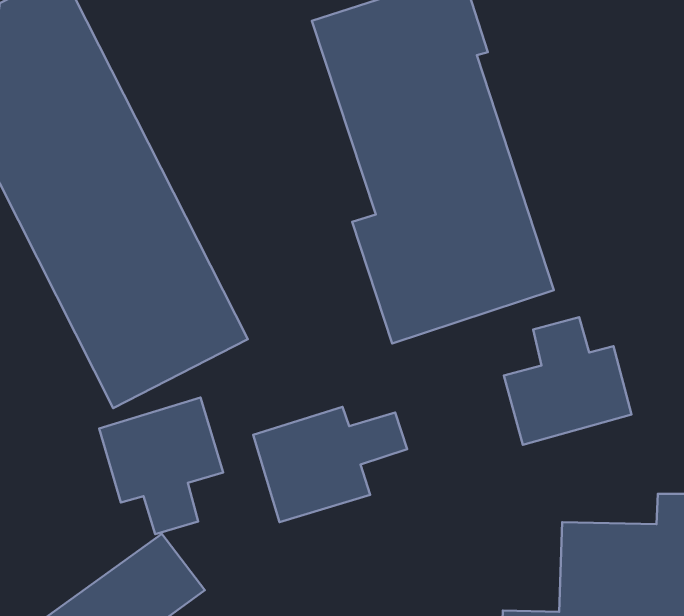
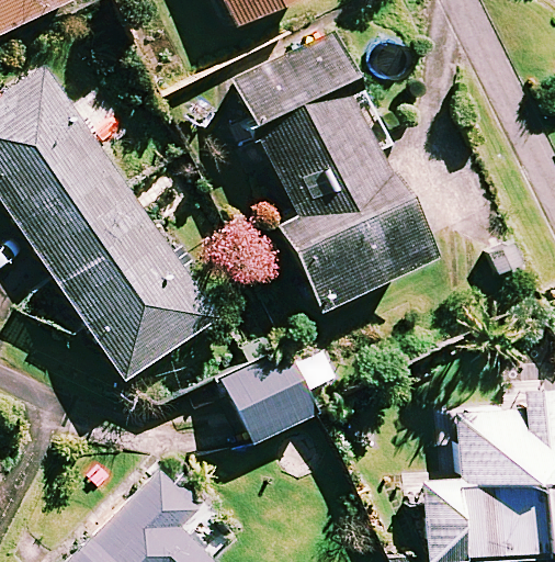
building: [504,317,632,445] -> none
building: [99,398,223,534] -> none

